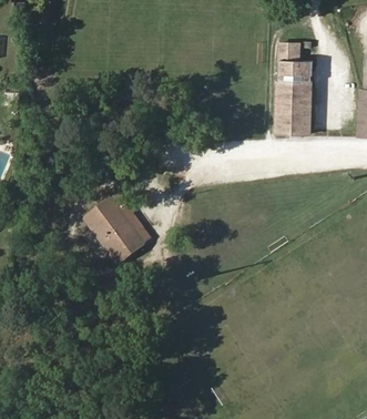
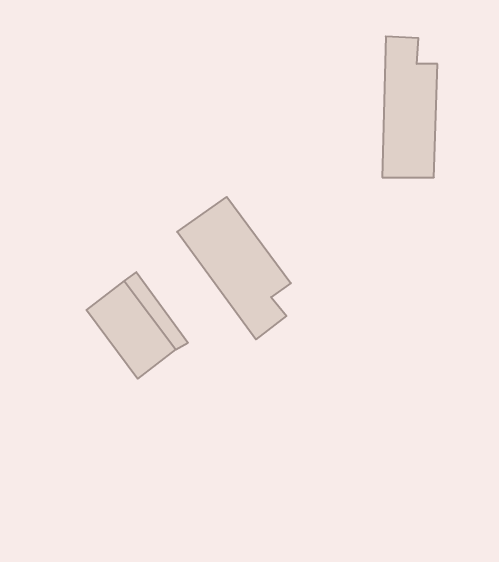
building: none -> [177,197,291,339]

